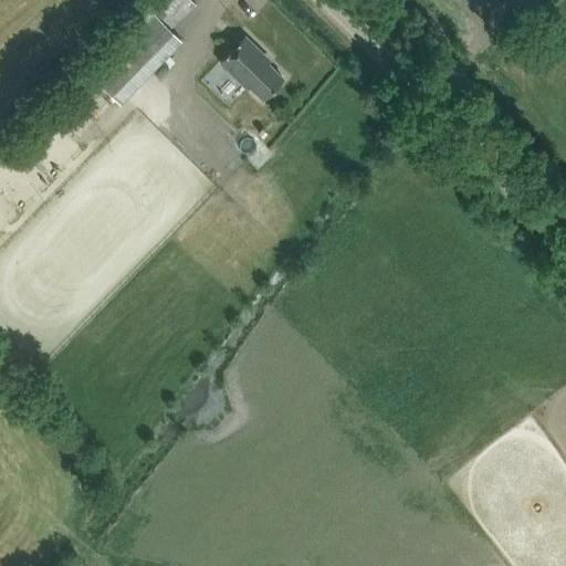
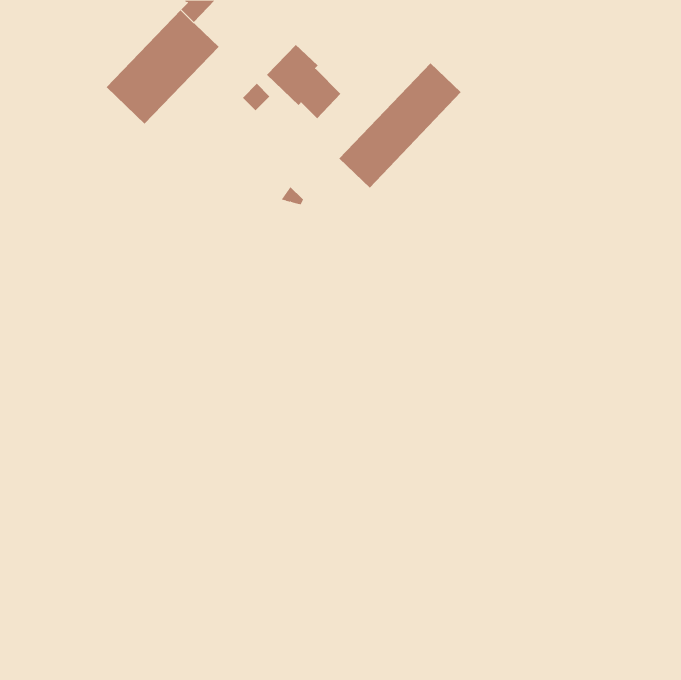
building: none -> [339,62,462,188]

